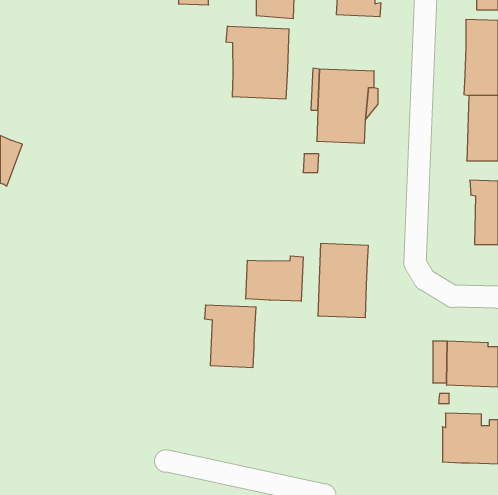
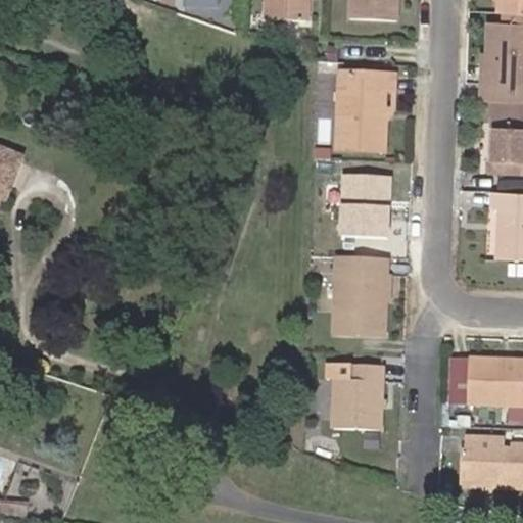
building: [226,26,289,99] -> none
building: none -> [342,176,389,224]
building: [246,256,303,301] -> none
building: [204,305,256,368] -> [328,366,382,431]

